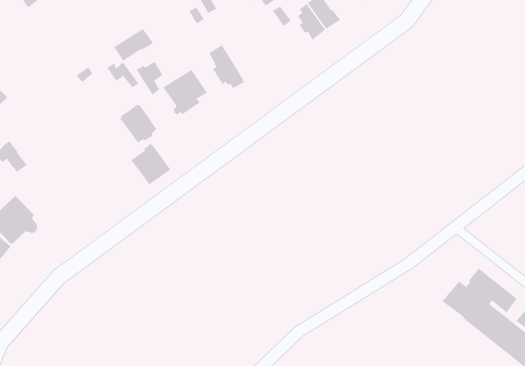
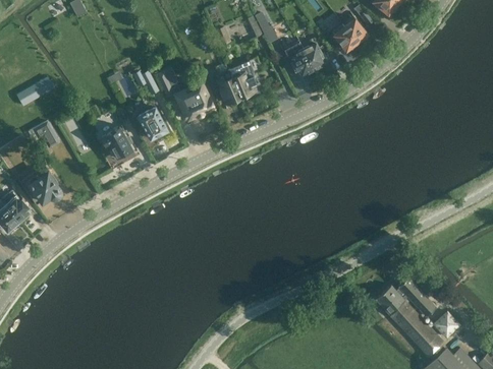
building: [113,28,154,61] -> none
building: none -> [229,64,256,99]
building: [130,143,171,185] -> [101,127,132,161]

